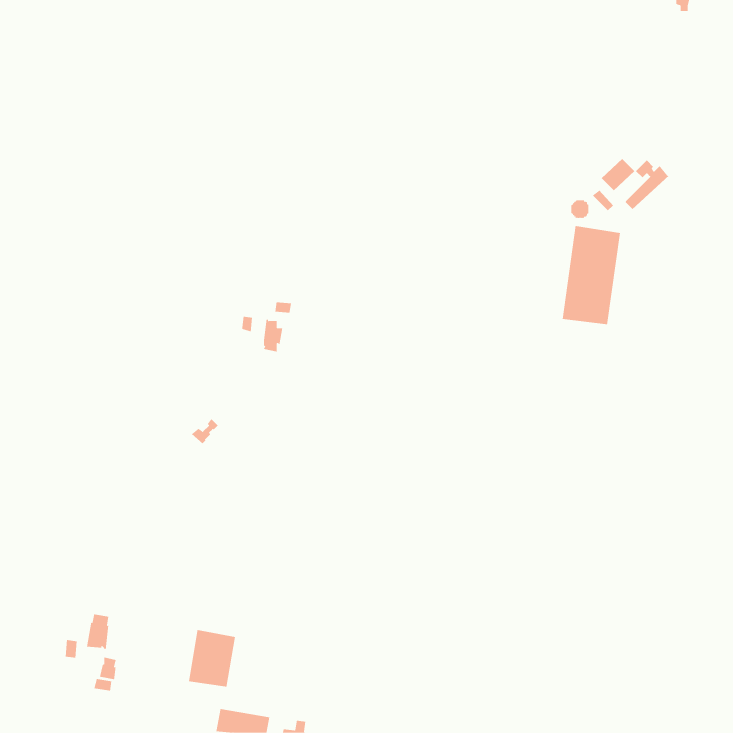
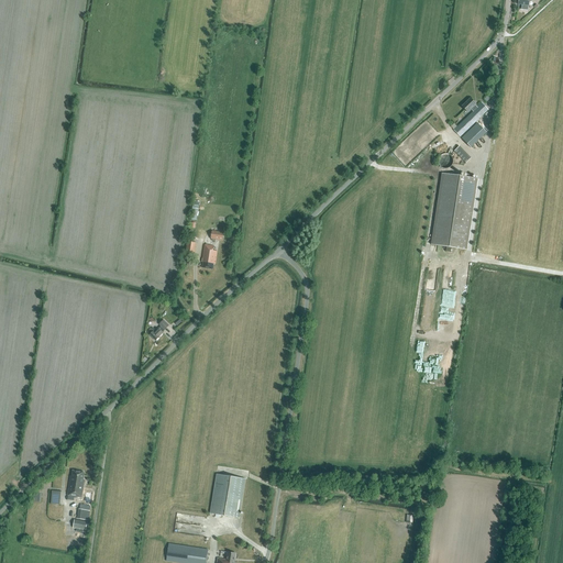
building: [624,160,670,210] -> [452,97,487,135]
building: [188,630,236,687] -> [209,473,245,517]

